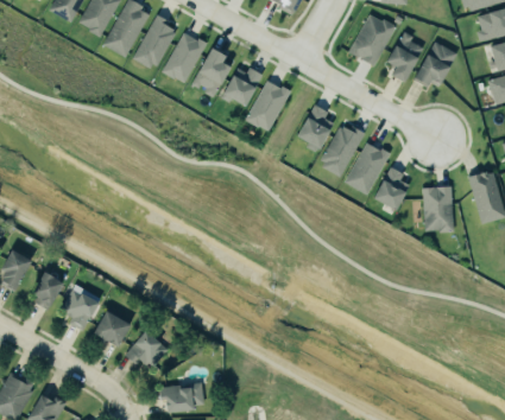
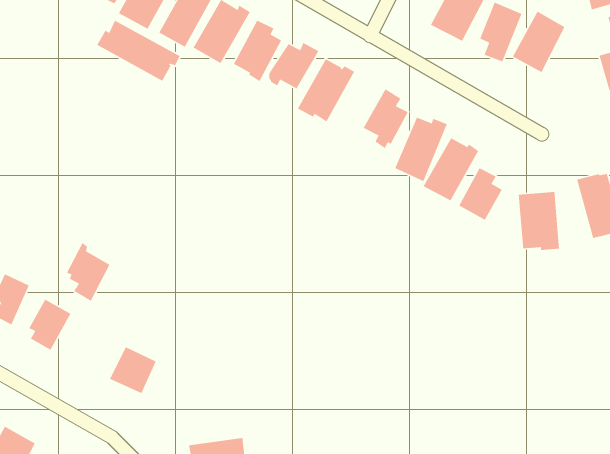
building: none -> [96,19,181,82]
building: [62,284,97,331] -> [66,242,111,302]
building: [124,331,166,367] -> none

